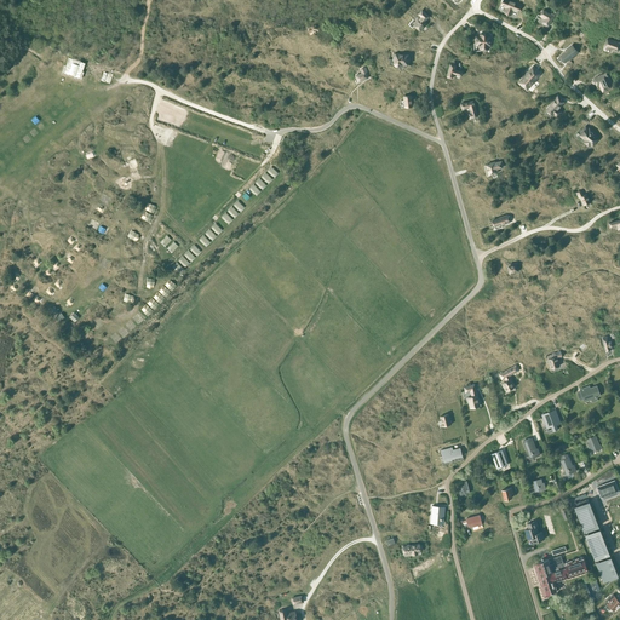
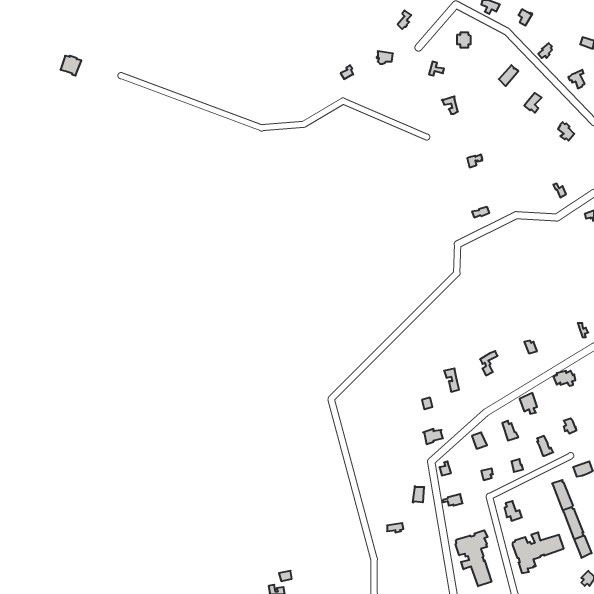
building: none -> [456,530,491,586]

